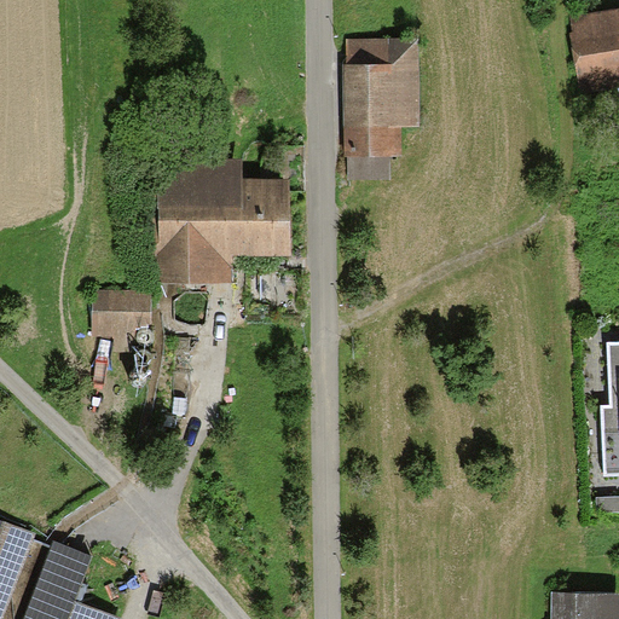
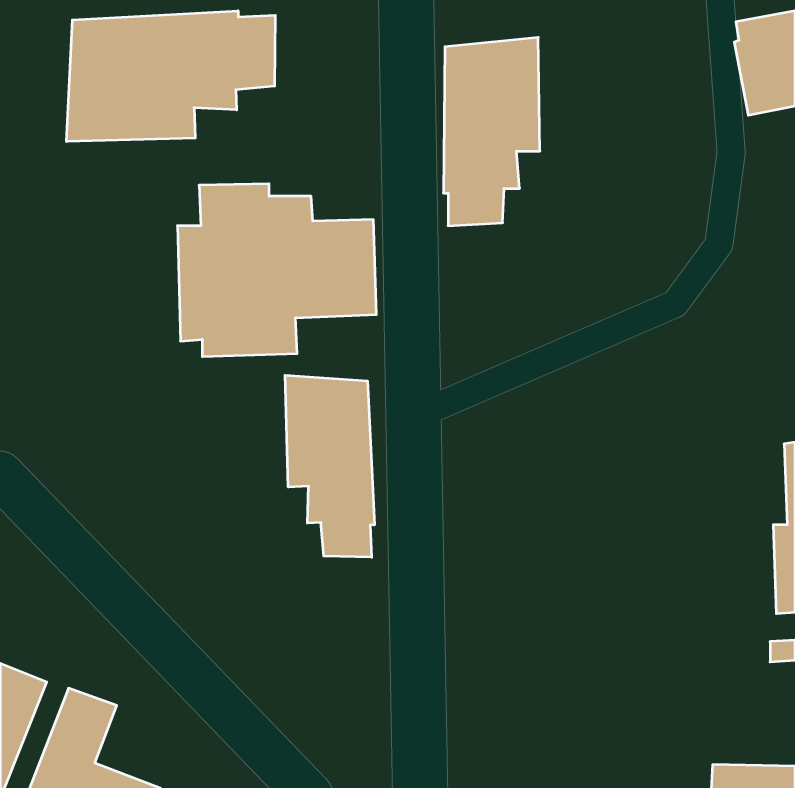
building: none -> [67,11,275,142]
building: [93,291,152,353] -> none
building: none -> [285,375,374,557]

